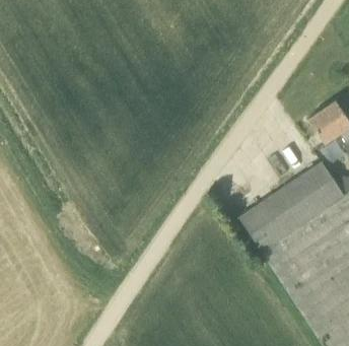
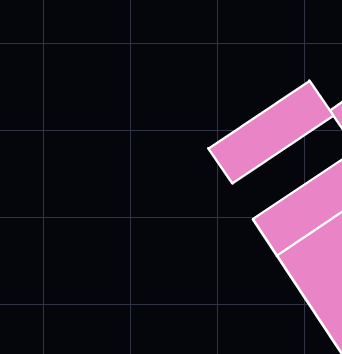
building: none -> [208,81,333,183]

